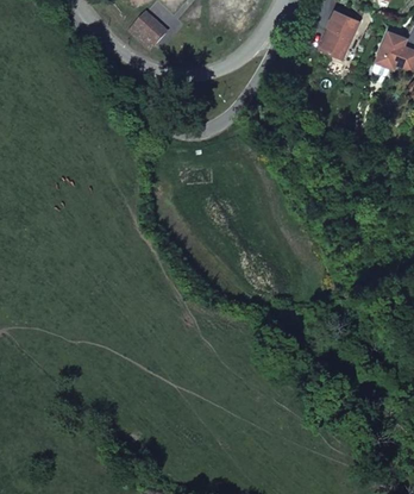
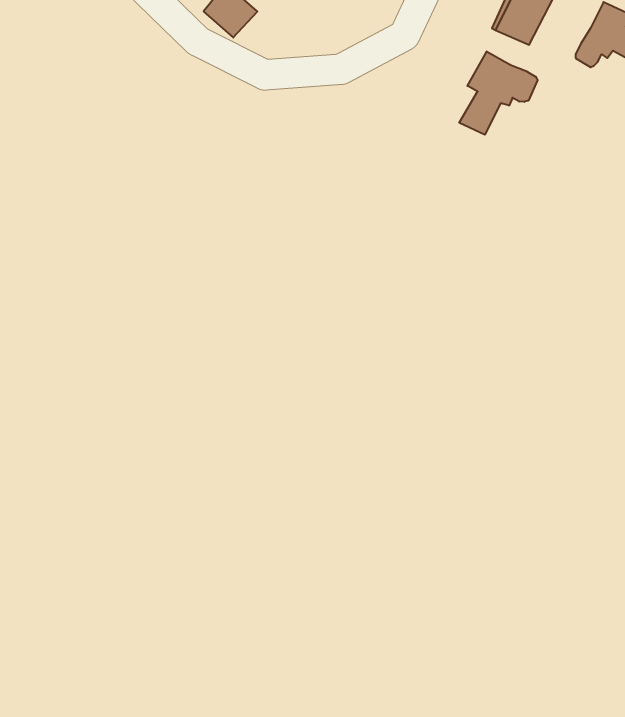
building: none -> [459,51,538,135]

